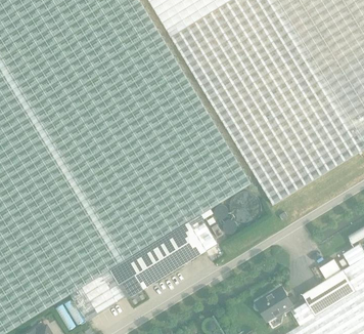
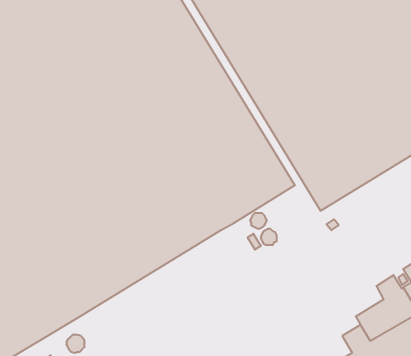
building: [231,193,262,223] -> none
building: [71,215,218,321] -> none
building: [255,286,292,321] -> none

